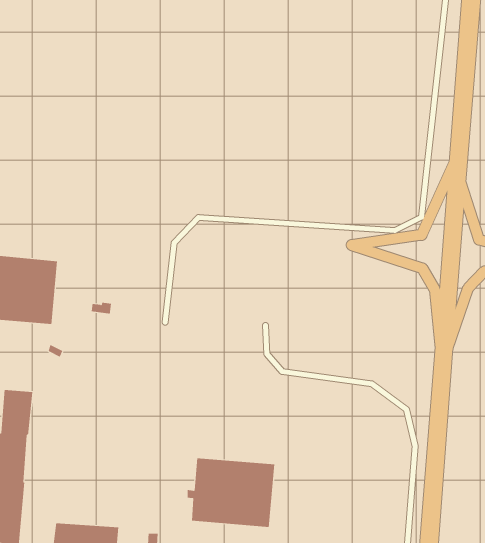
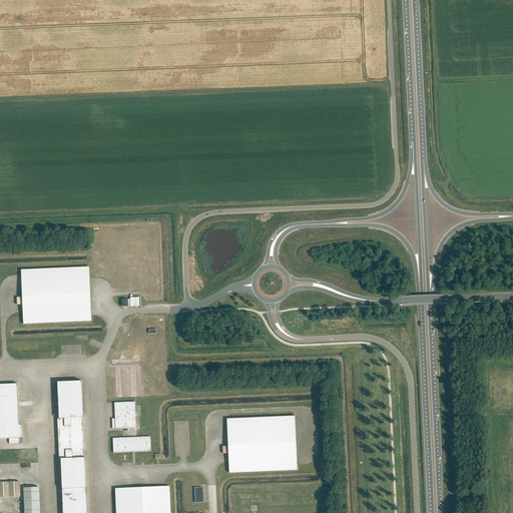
building: none -> [111,401,135,428]
building: none -> [112,436,149,452]

